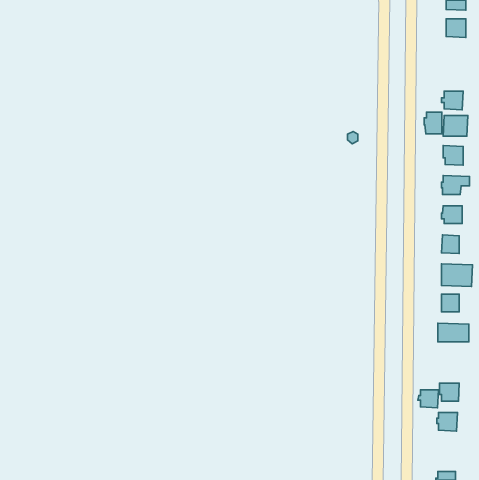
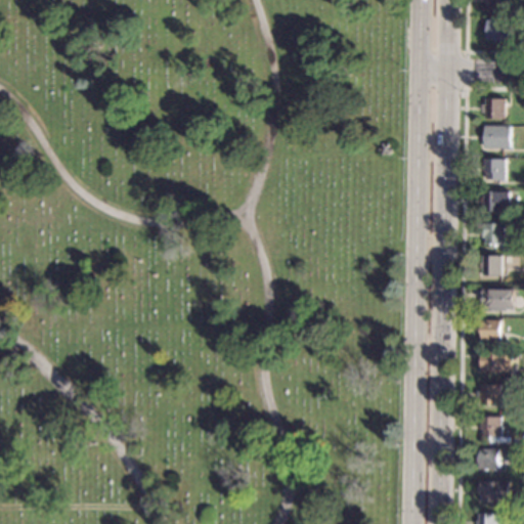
building: [424,112,442,134] -> none
building: [418,390,438,408] -> [477,386,499,405]
building: none -> [478,481,508,503]

